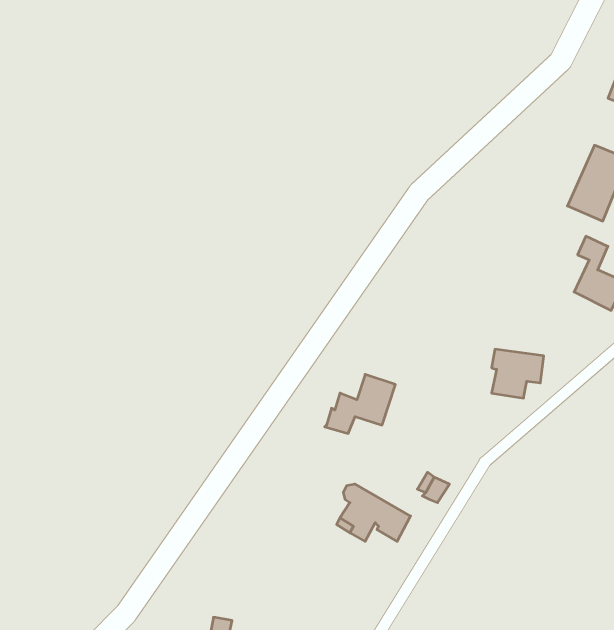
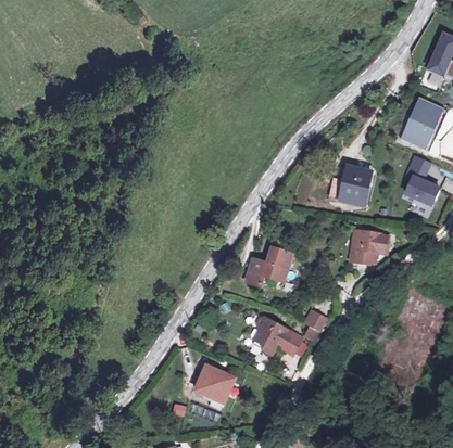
building: none -> [345,168,374,204]
building: none -> [197,363,237,402]

